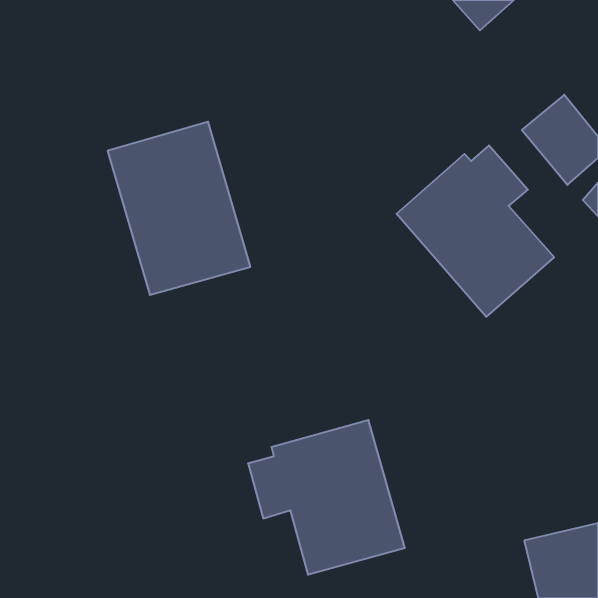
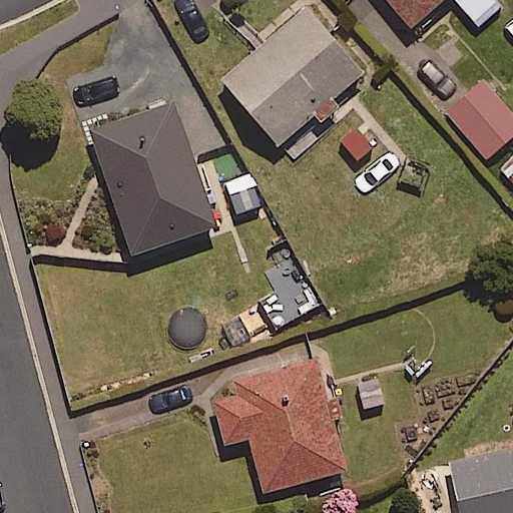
building: none -> [220,5,363,145]
building: [397,145,554,317] -> none

